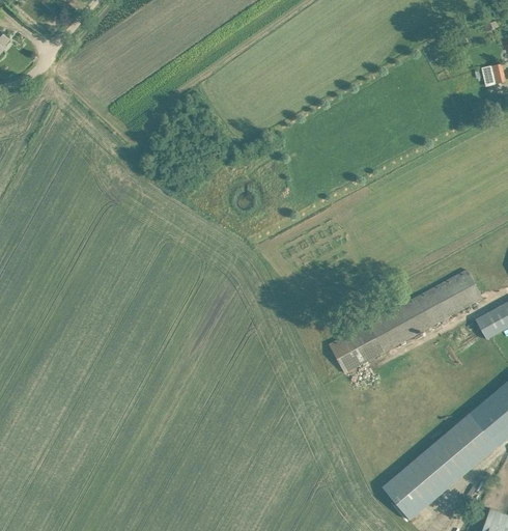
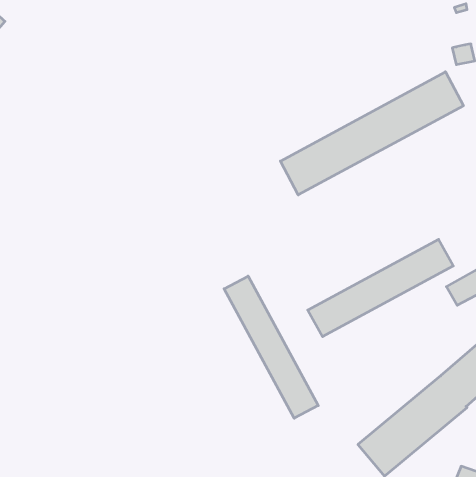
building: none -> [280,72,463,195]
building: none -> [224,276,318,418]

